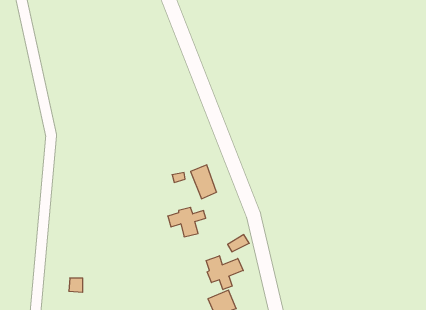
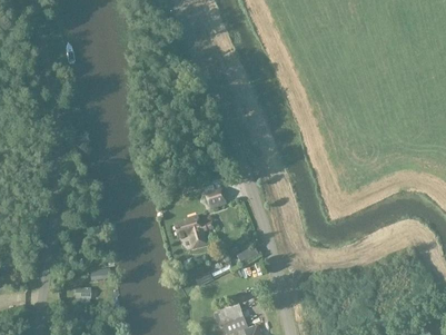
building: [206,256,243,290] -> none

